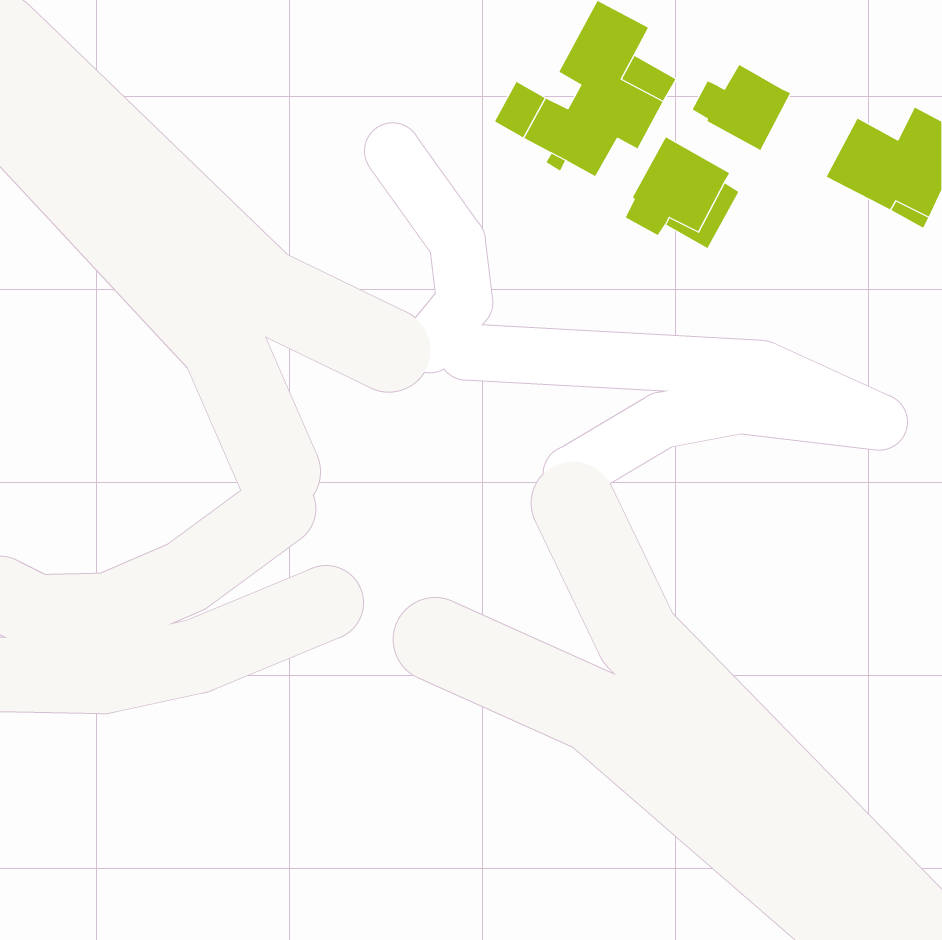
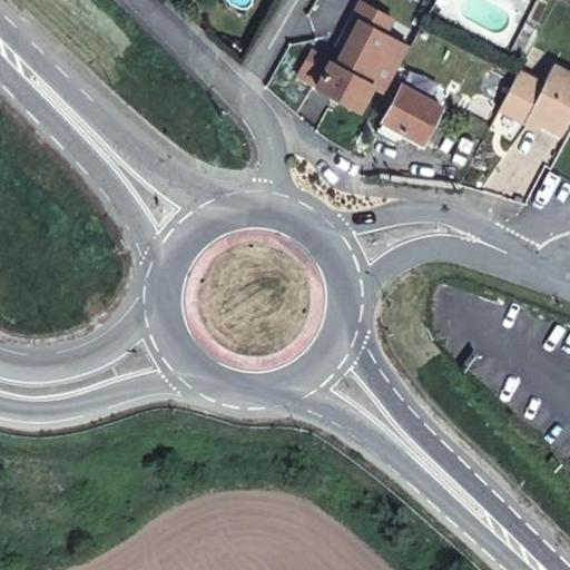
building: [692,64,791,151] -> none

